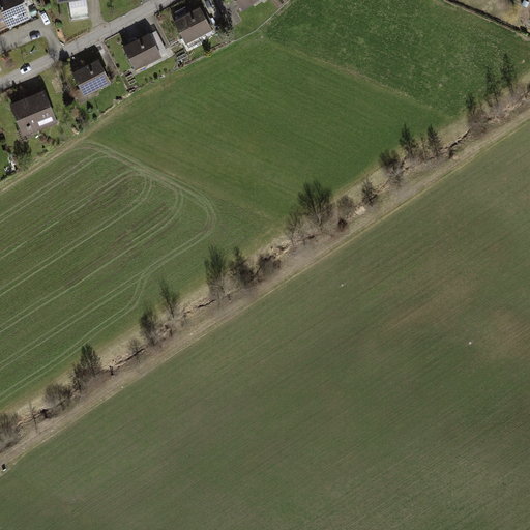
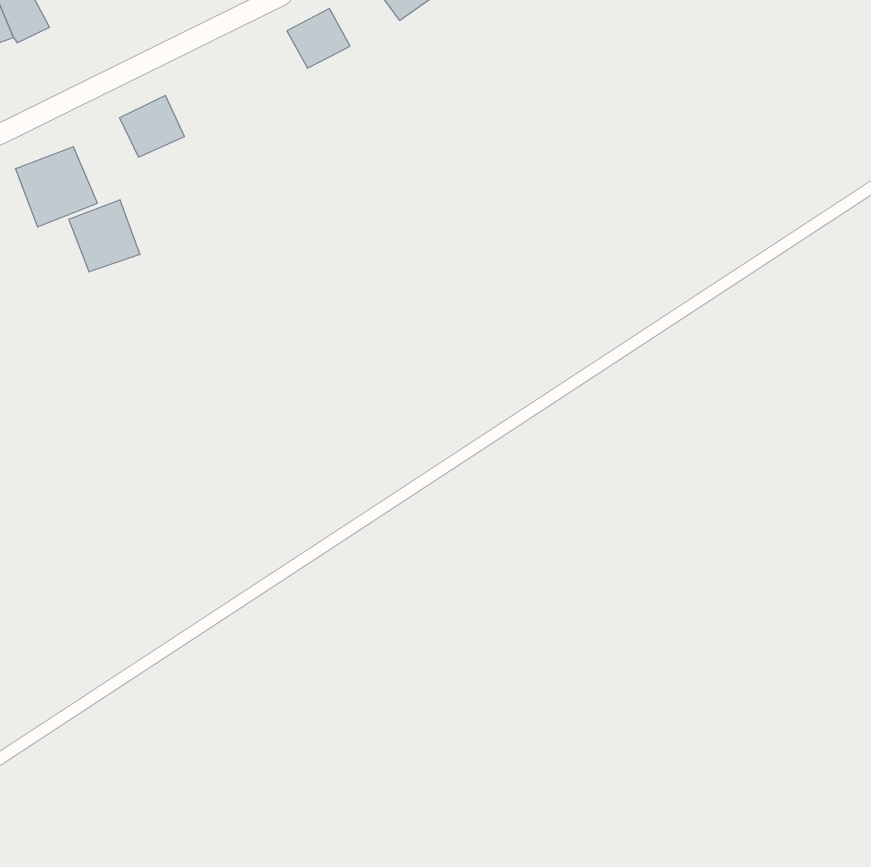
building: [121,31,161,70] -> none
building: none -> [69,200,140,272]

